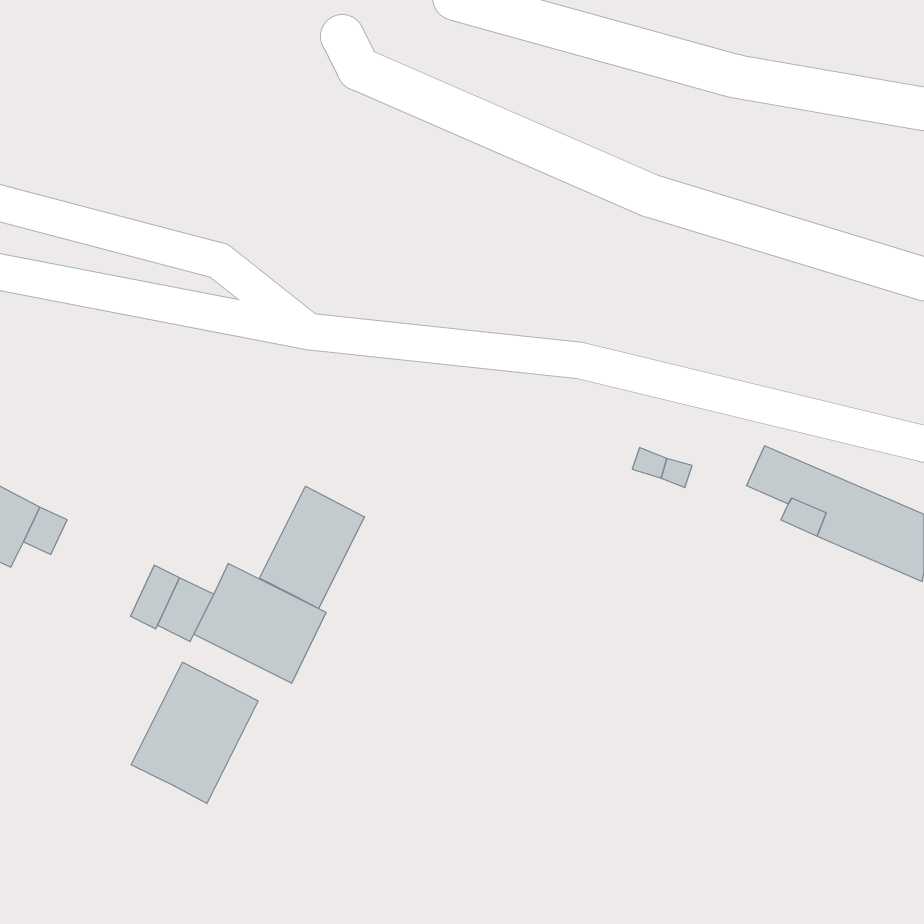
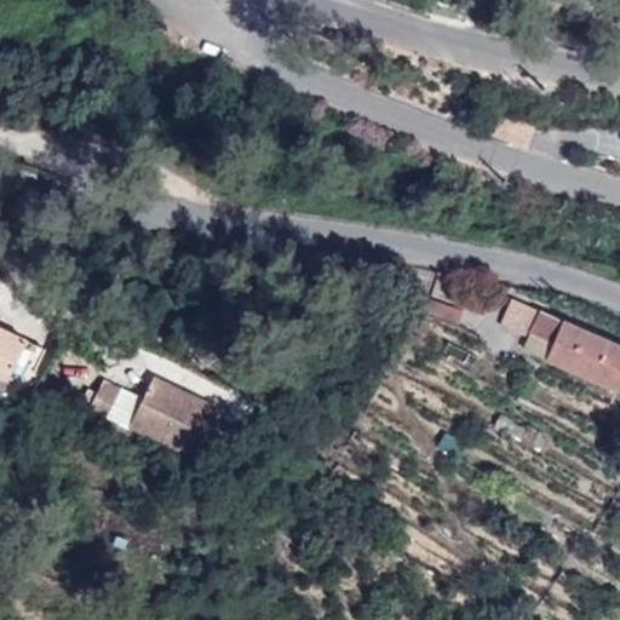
building: [260,486,365,609] -> none
building: [131,662,258,804] -> none

